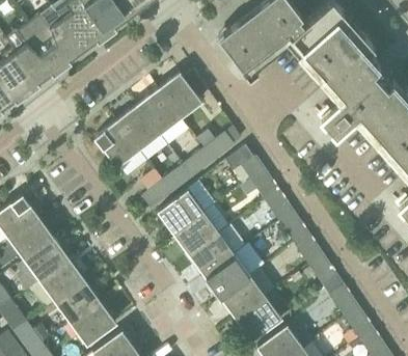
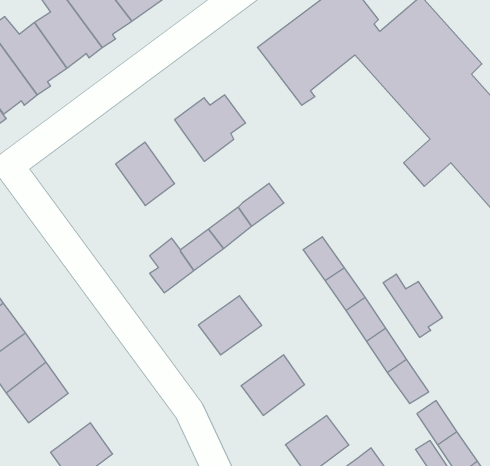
building: [138,88,180,133] -> none
building: [96,119,138,164] -> none
building: [226,144,263,180] -> none
building: [160,190,205,232] -> none
building: none -> [383,274,442,337]
building: [191,227,243,275] -> none
building: [221,274,266,317] -> none
building: [56,280,100,322] -> none

